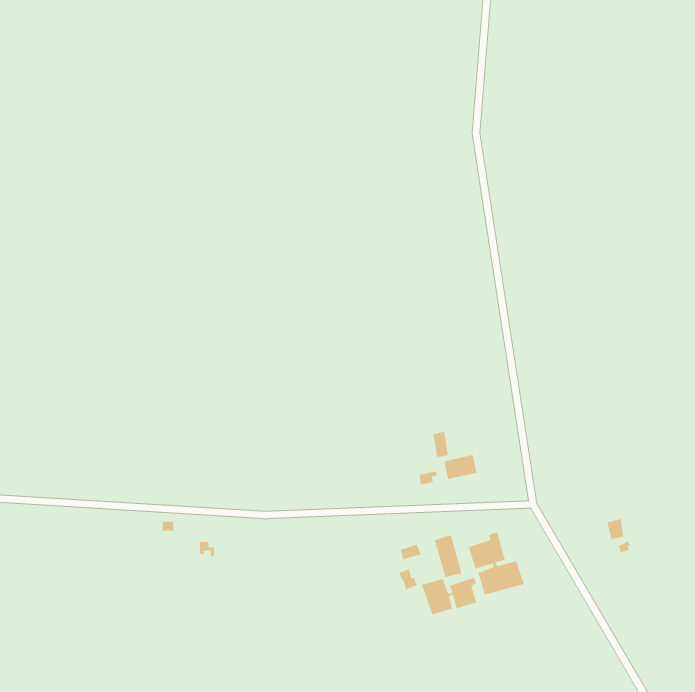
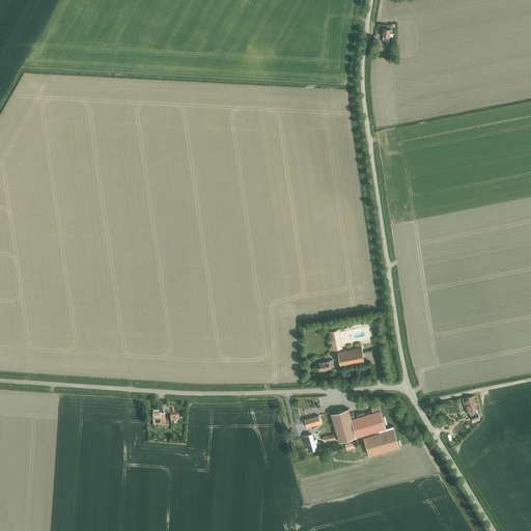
building: [421,577,477,615] -> none

